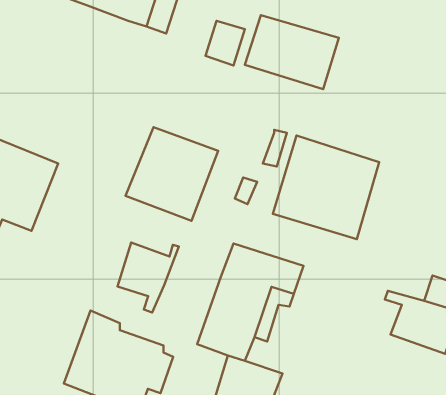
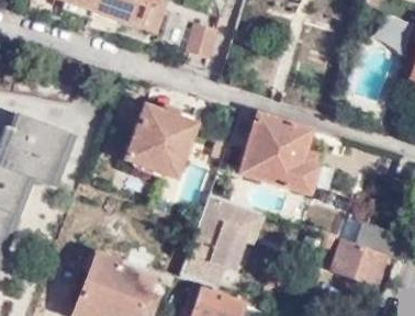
building: [245,15,339,89] -> none
building: [117,243,179,313] -> none

